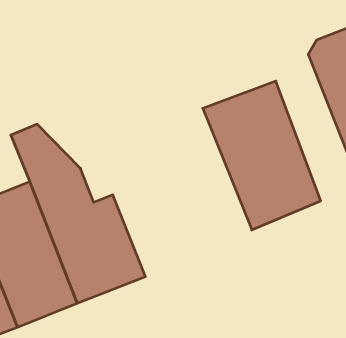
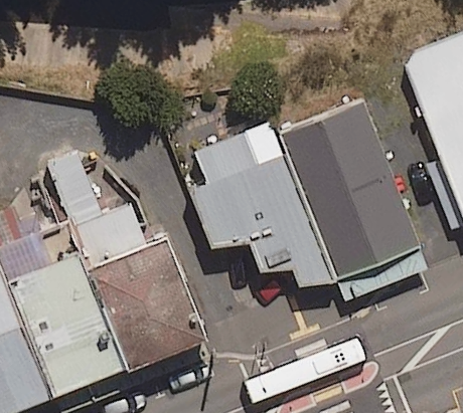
building: none -> [189,122,336,287]

